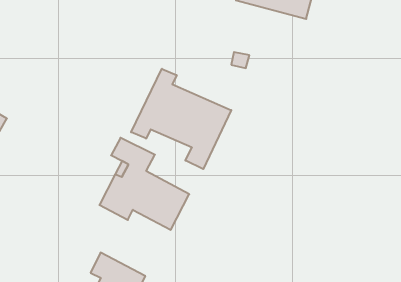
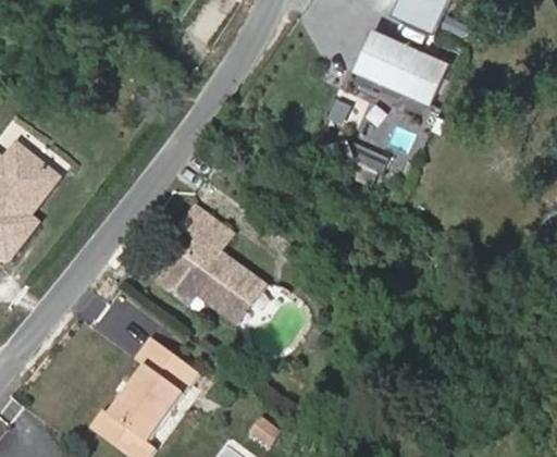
building: [131,69,231,169] -> none

